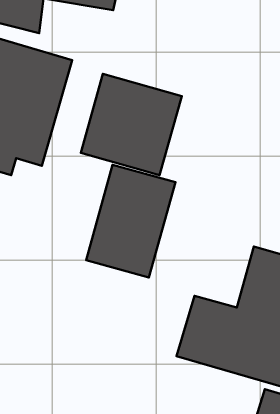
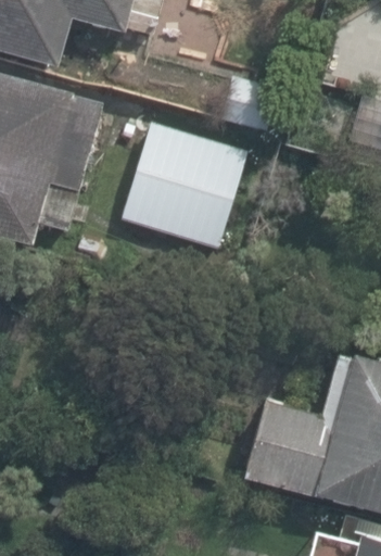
building: [86,165,175,278] -> none

